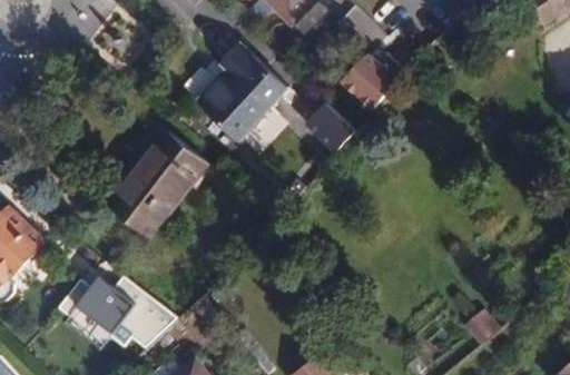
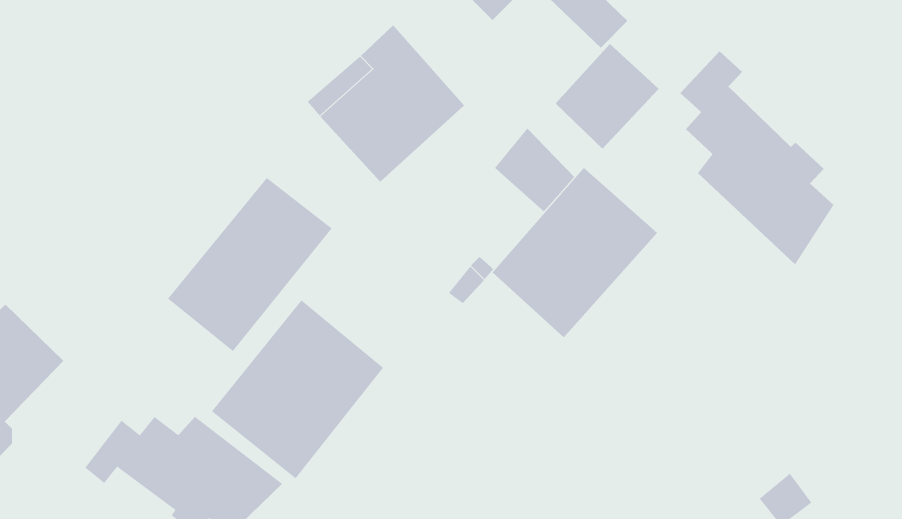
building: none -> [679,51,834,265]
building: none -> [492,167,658,338]
building: none -> [211,299,384,479]

